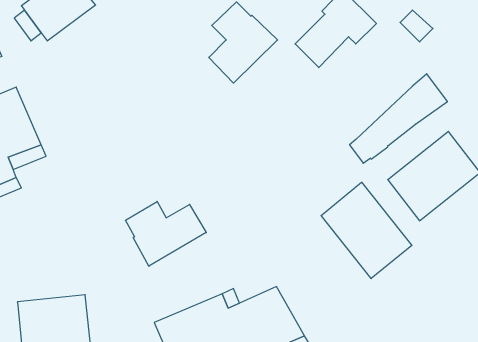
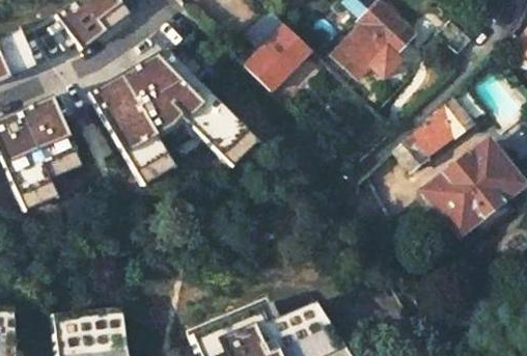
building: none -> [90,48,257,185]
building: [321,182,412,279] -> none
building: [125,201,206,266] -> none

